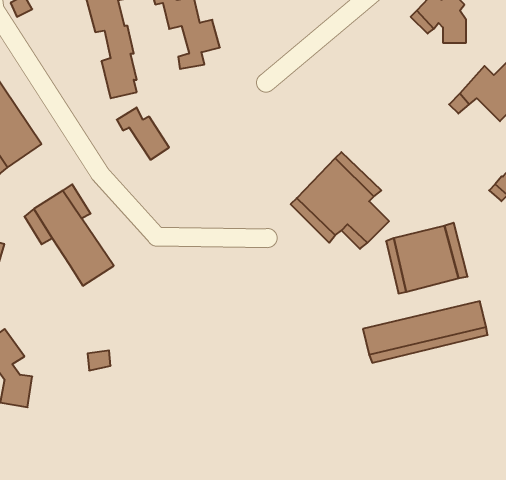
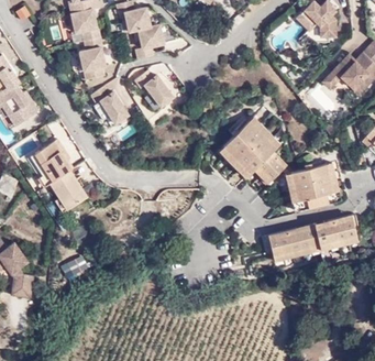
building: none -> [136,69,174,103]

